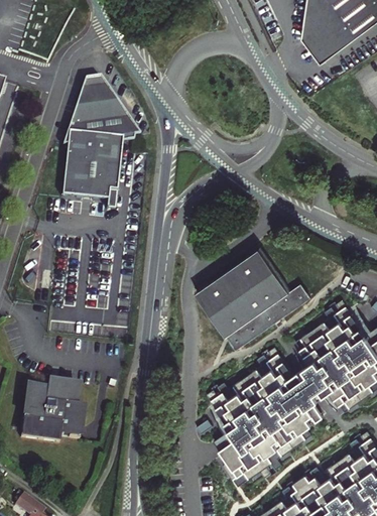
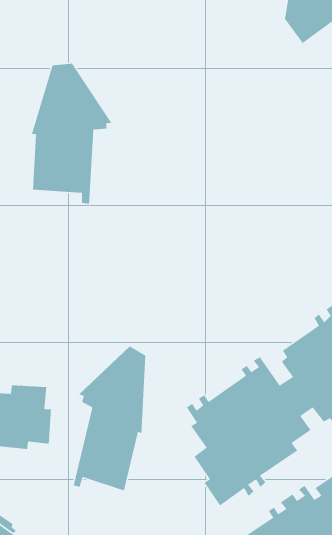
building: [196,246,311,351] -> none
building: none -> [73,346,146,491]

